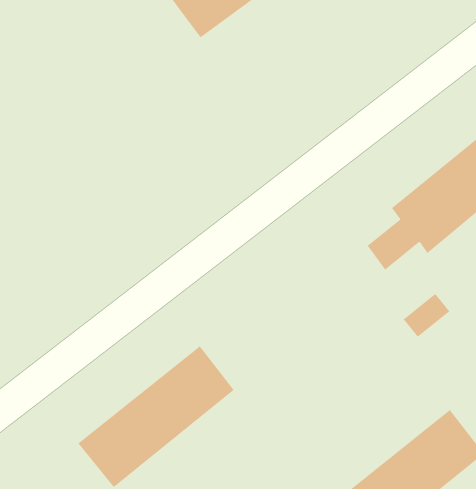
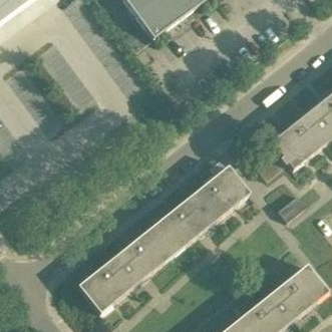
building: none -> [152,167,249,253]

